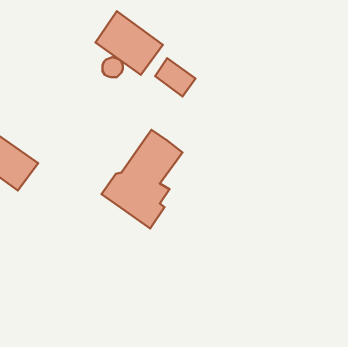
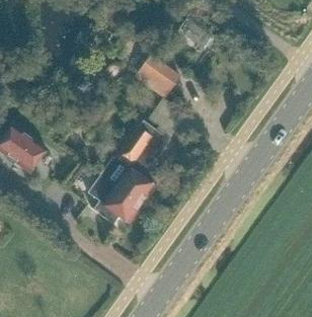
building: [95,11,163,75] -> none
building: none -> [87,173,141,222]

